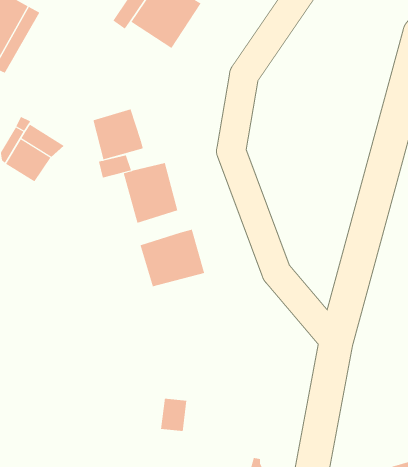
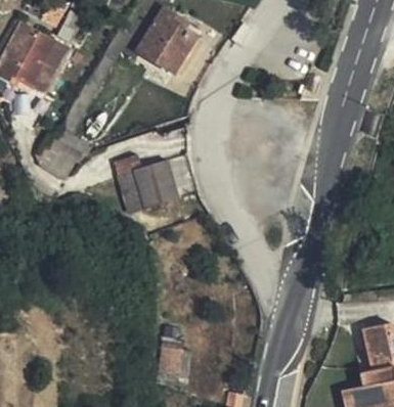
building: [93,109,144,160] -> none
building: [140,229,205,287] -> none

